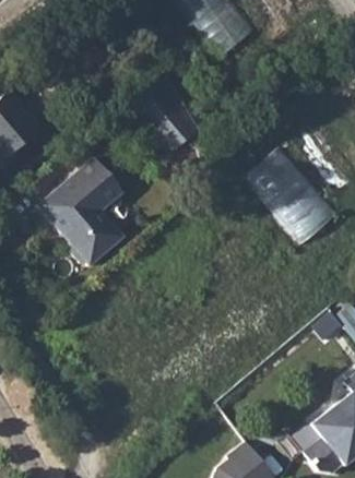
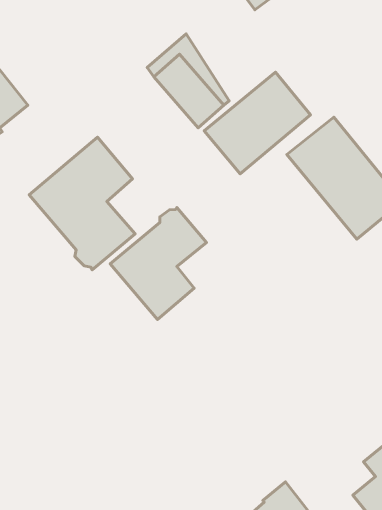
building: none -> [204,72,310,174]
building: none -> [110,207,207,320]

